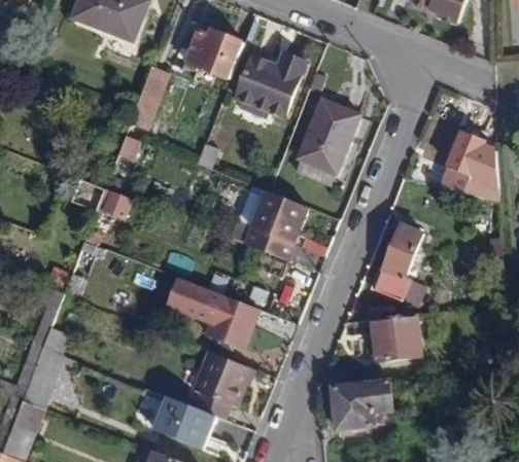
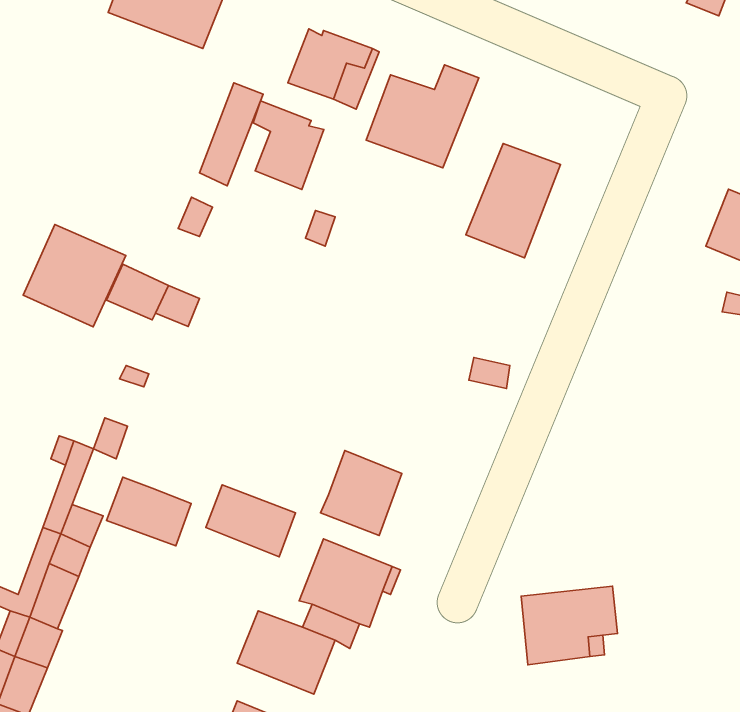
building: none -> [253,101,324,190]
building: none -> [23,224,126,327]
building: [243,191,308,261] -> none
building: [371,223,423,300] -> none
building: [165,278,221,323] -> [206,485,296,557]
building: none -> [107,477,191,546]
building: [373,314,422,363] -> none

